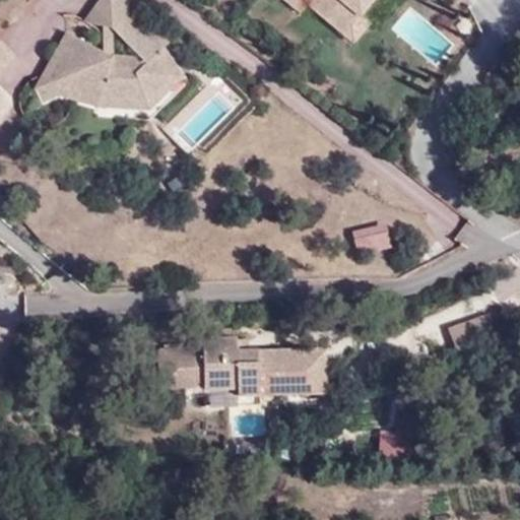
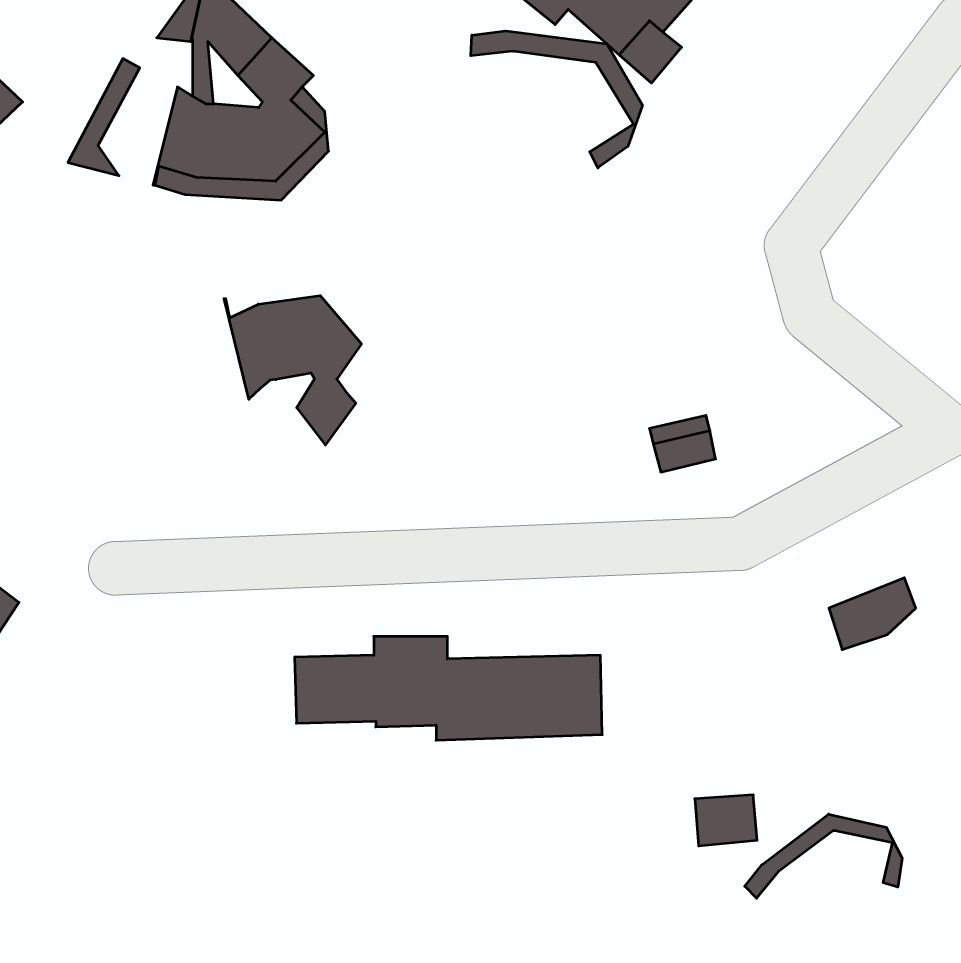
building: none -> [471,31,642,168]
building: [53,37,95,100] -> none
building: none -> [224,296,361,445]
building: none -> [745,814,902,898]

